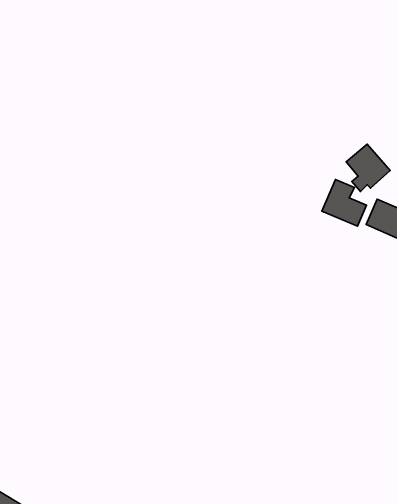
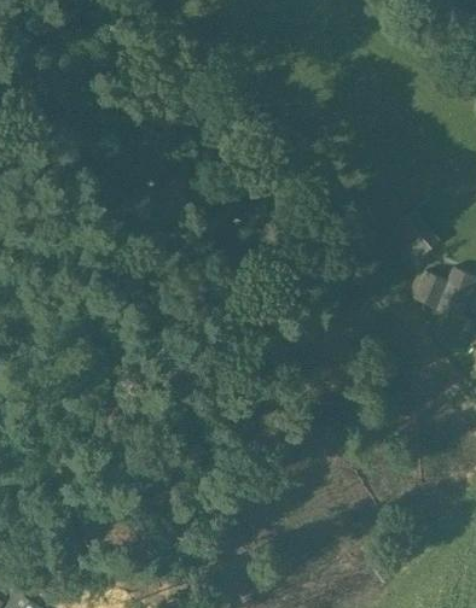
building: [322,179,366,226] -> none

